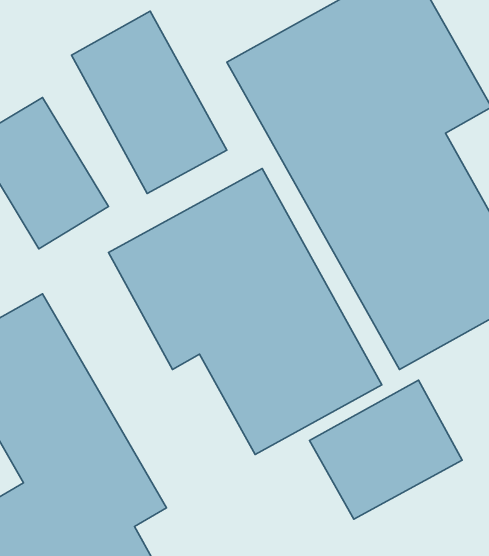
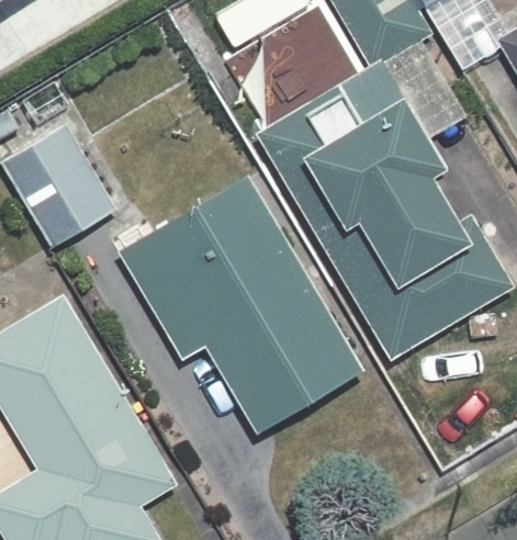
building: [72,11,227,194] -> none
building: [310,380,462,519] -> none

